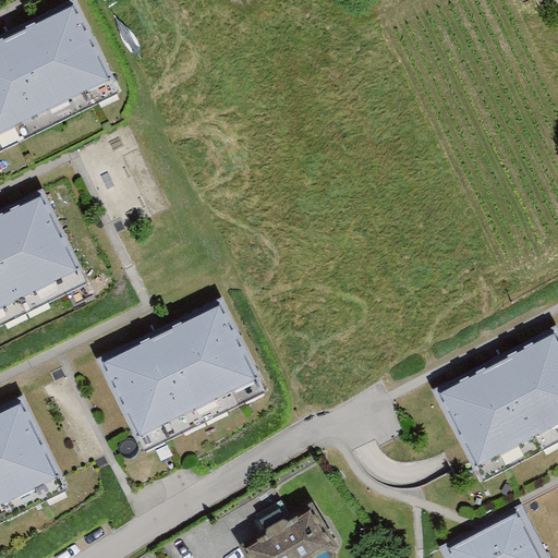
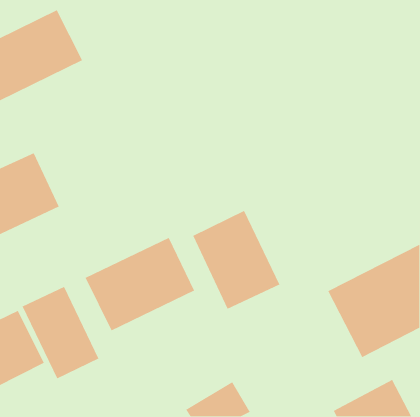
building: none -> [192,210,281,310]
building: none -> [22,286,99,379]

